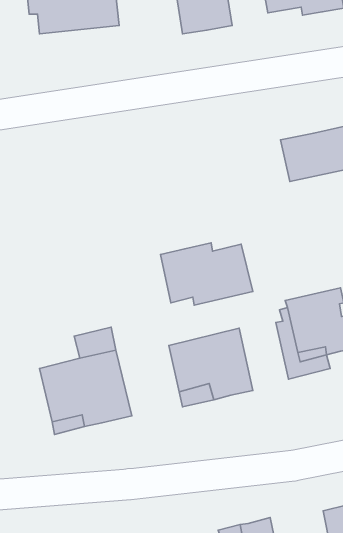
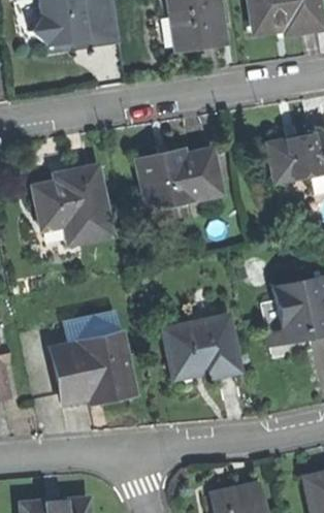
building: none -> [31,166,109,243]
building: [161,243,253,305] -> [137,148,220,203]

